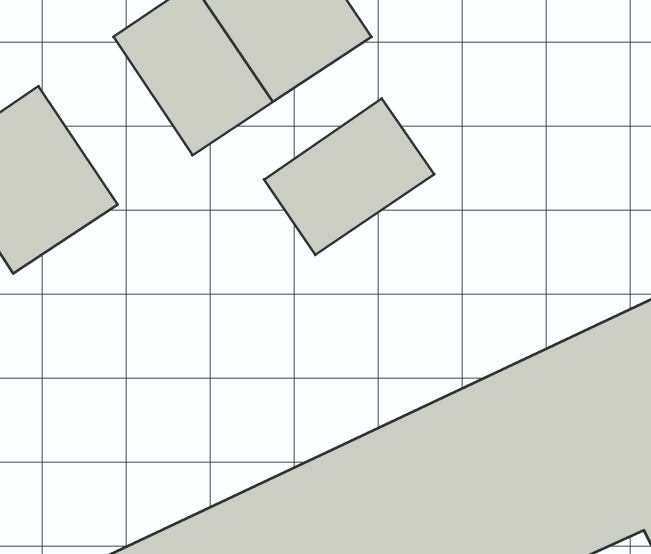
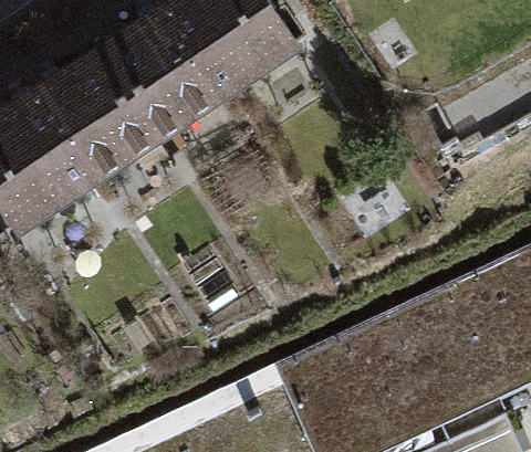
building: none -> [41,45,162,177]
building: [264,98,434,255] -> none

